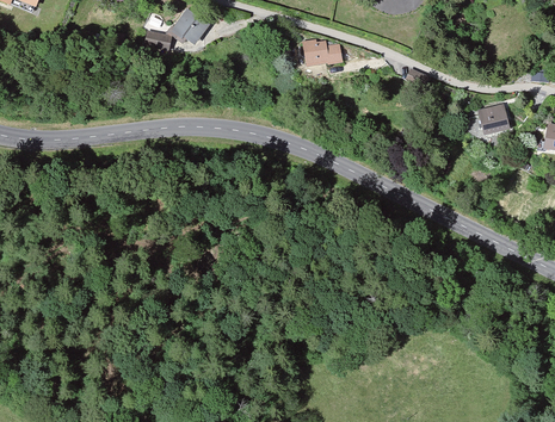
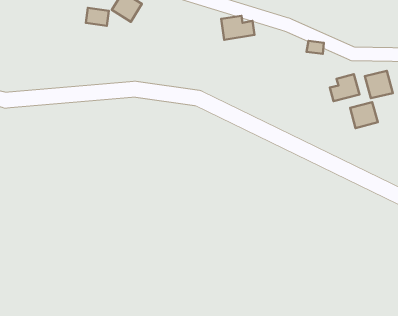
building: none -> [330,74,360,101]
building: none -> [350,102,378,128]

